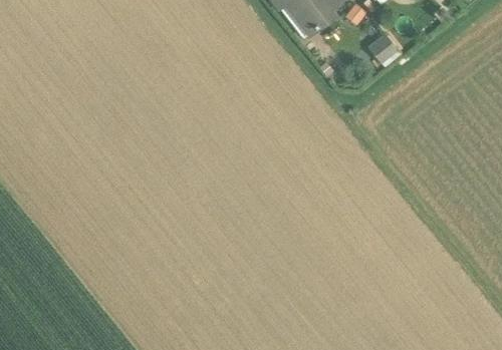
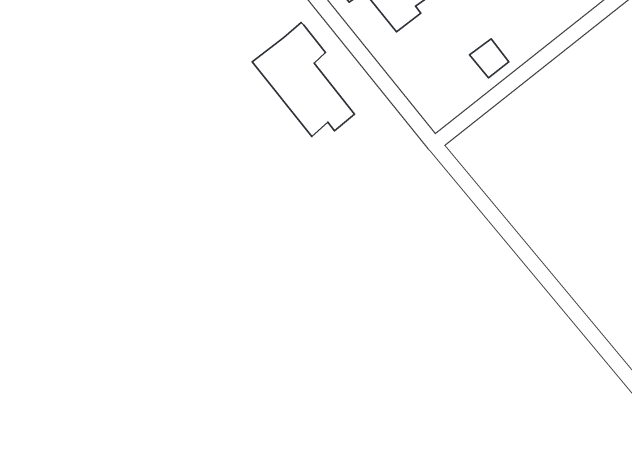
building: none -> [252,22,355,137]

